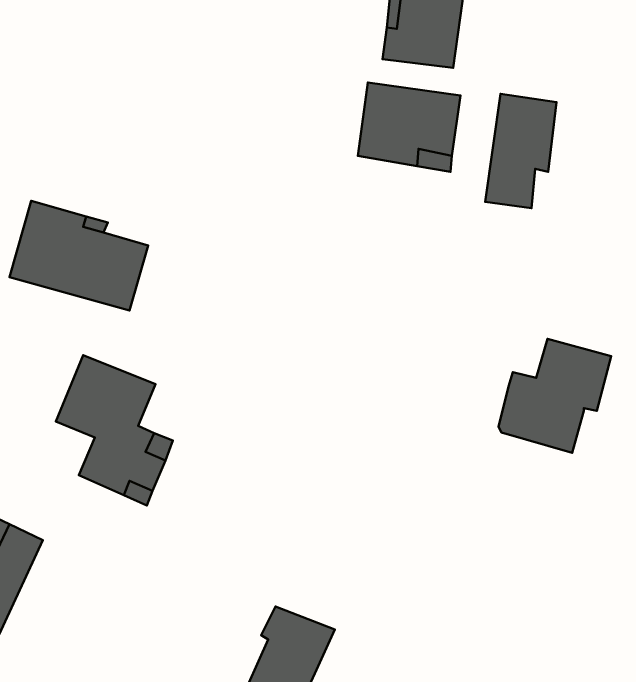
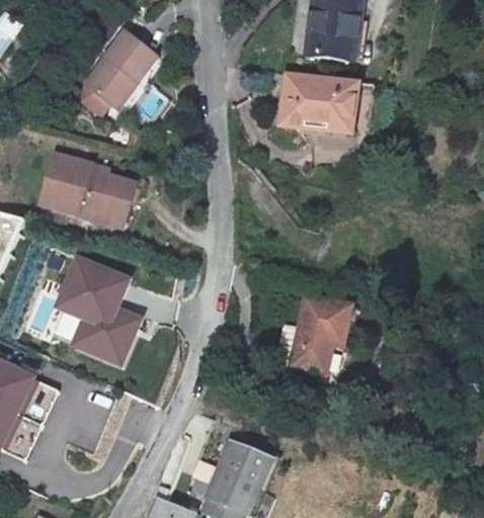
building: none -> [82,30,160,115]
building: [485,94,557,208] -> none
building: [499,339,611,453] -> [273,291,352,371]

